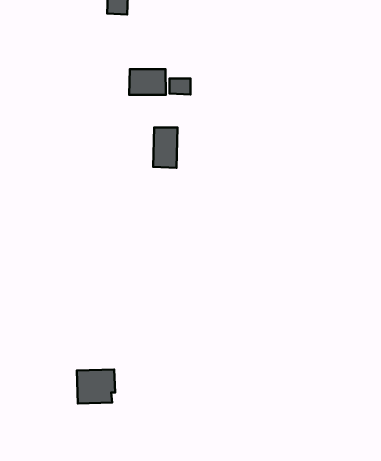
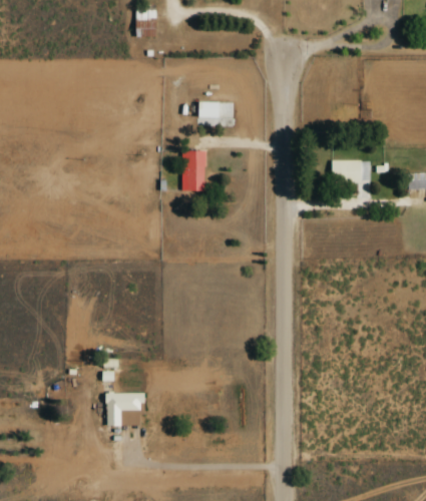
building: [129,69,166,95] -> none
building: none -> [333,159,372,181]

